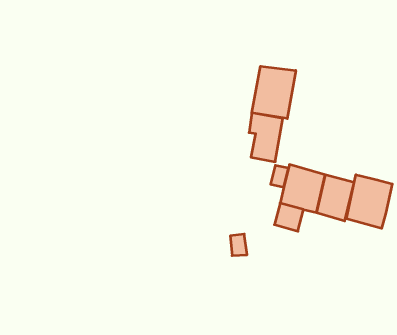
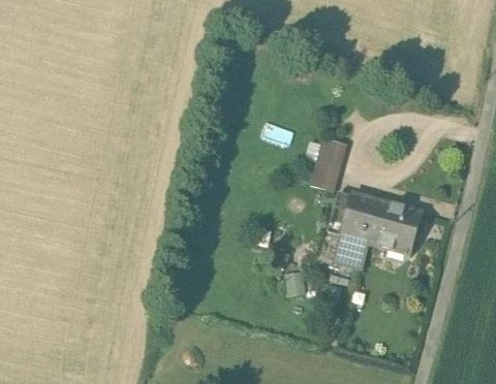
building: [252,66,296,119] -> none
building: [346,175,392,228] -> none

